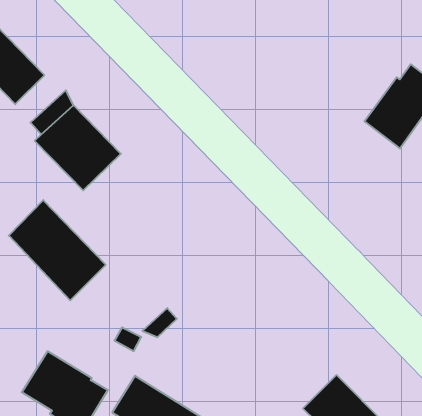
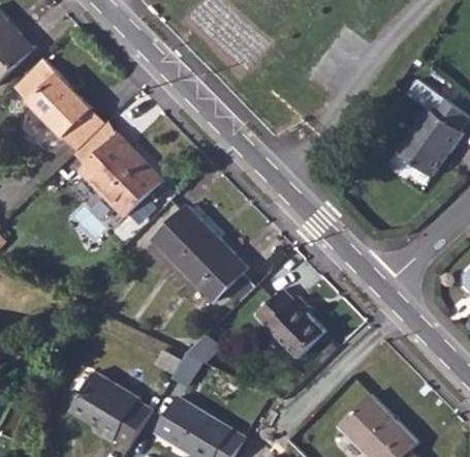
building: none -> [61,106,105,151]
building: [9,200,106,300] -> [153,205,246,301]
building: none -> [258,286,326,355]

